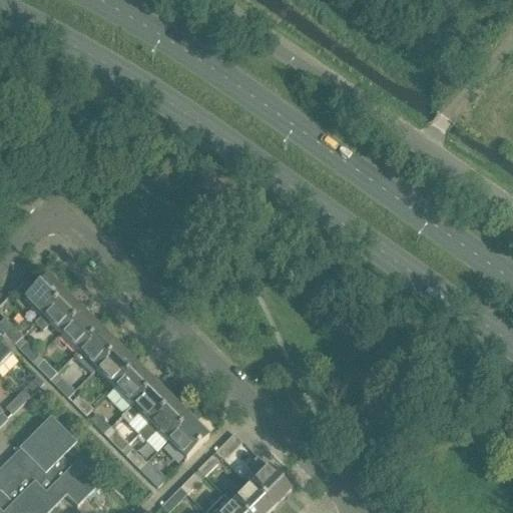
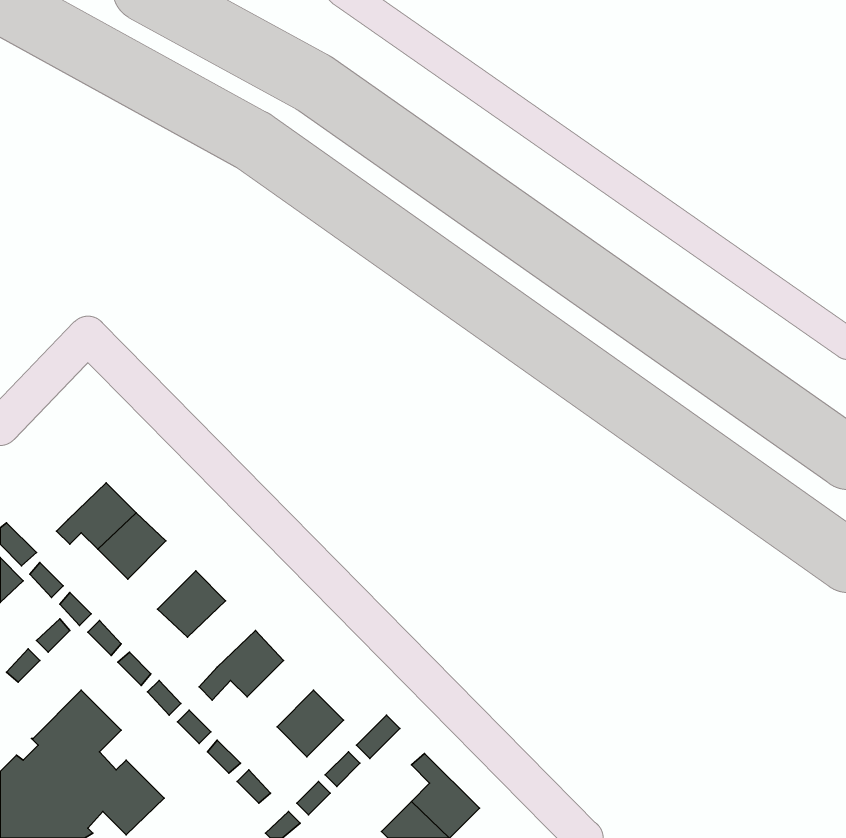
building: [24,273,65,314] -> none
building: [73,327,119,373] -> none
building: [114,363,155,403] -> none
building: [139,399,190,439] -> none

